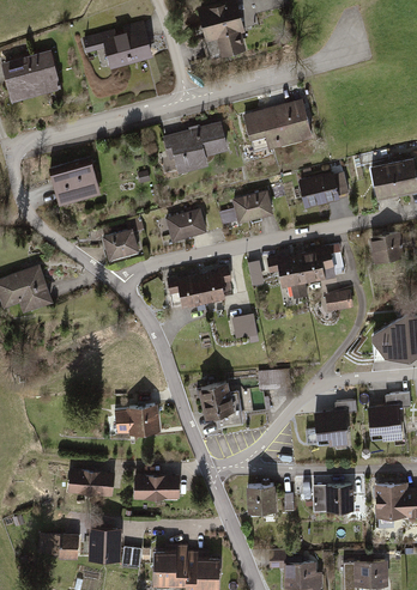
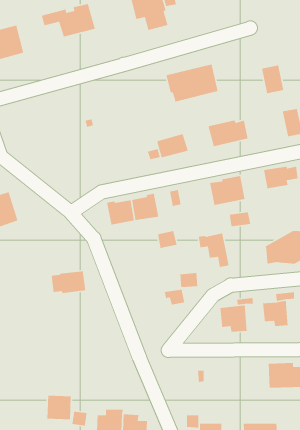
building: [163,121,230,172] -> none
building: [49,162,99,205] -> none
building: [369,162,399,200] -> [261,65,284,94]
building: [165,208,206,241] -> none
building: [103,218,143,258] -> none
building: [266,254,307,299] -> [198,232,229,268]
building: [198,385,241,420] -> none
building: [115,405,161,434] -> [51,270,86,294]
building: [67,468,114,495] -> none
building: [133,475,180,499] -> none
building: [244,486,274,512] -> none
building: [312,486,352,512] -> none
building: [38,534,78,559] -> none

